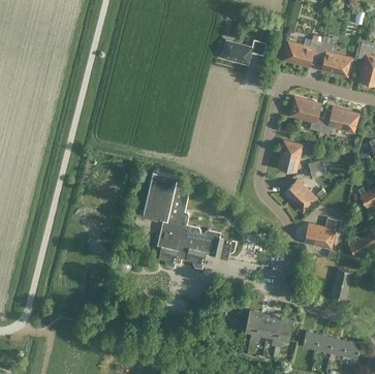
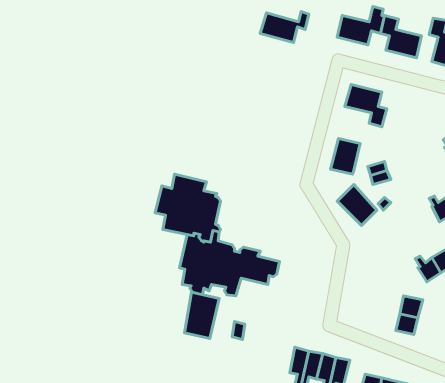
building: [317,108,358,141] -> none
building: [304,218,340,248] -> none
building: none -> [184,292,219,339]

